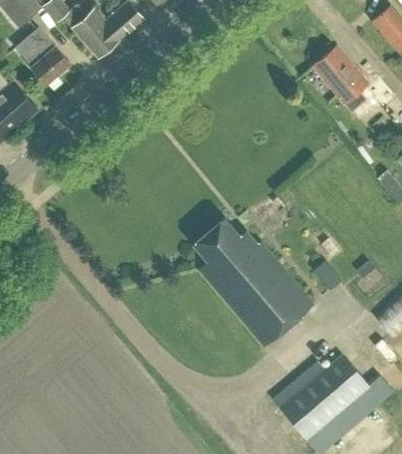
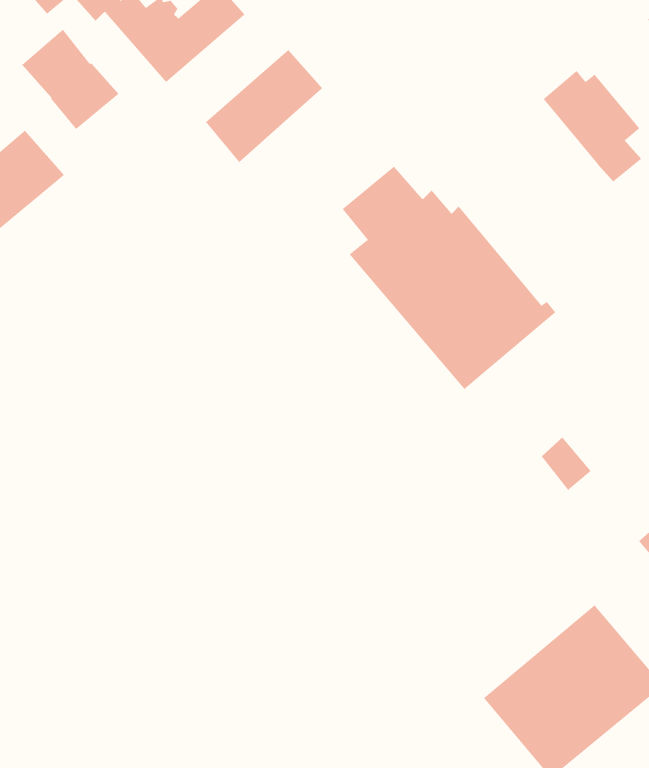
building: none -> [205,49,323,163]
building: [194,218,316,346] -> [342,166,556,390]

